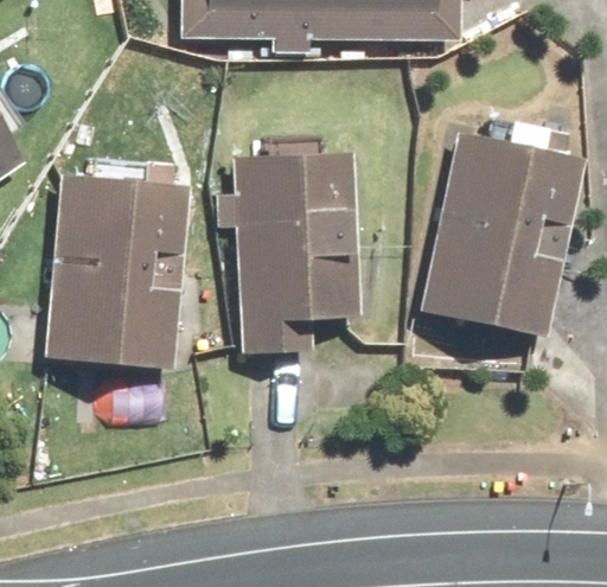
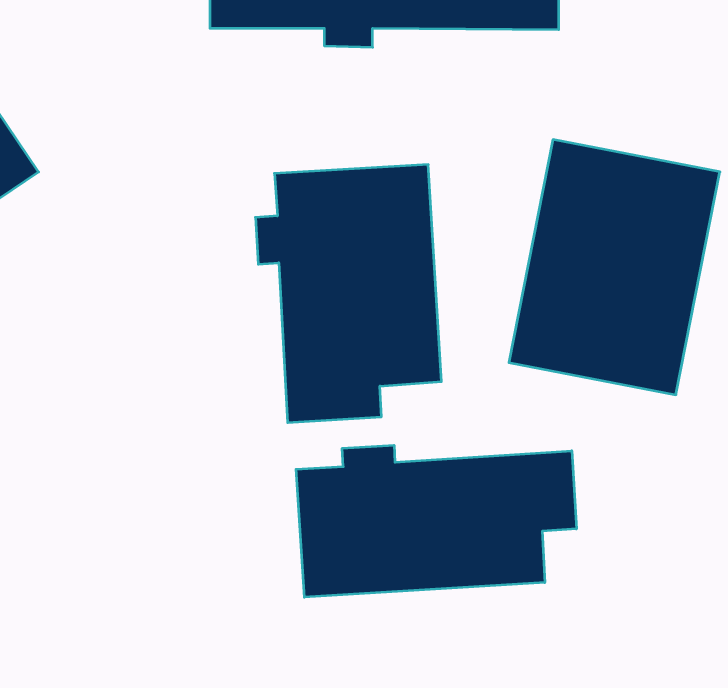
building: [44,173,191,369] -> none
building: none -> [296,445,576,597]

